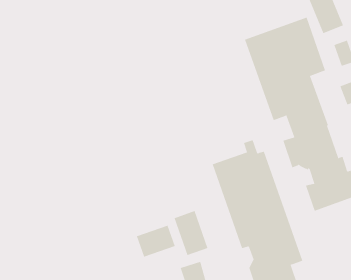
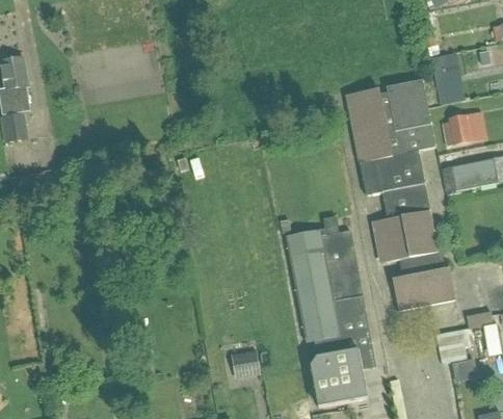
building: [174,210,208,256] -> none
building: [136,225,176,257] -> none

